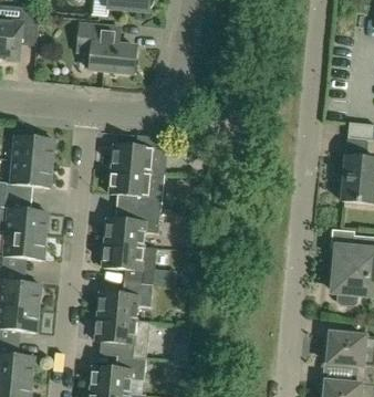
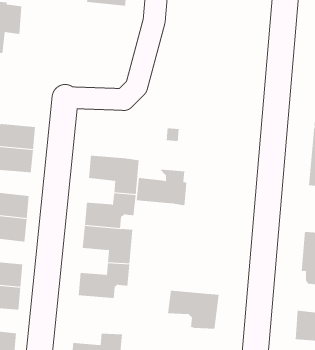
building: [77,23,136,73] -> none
building: [112,135,166,174] -> [136,169,187,206]
building: [95,316,150,357] -> [167,290,219,329]

